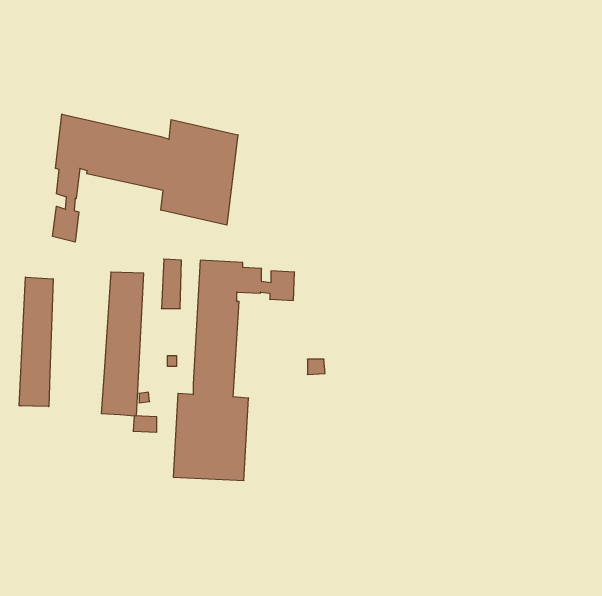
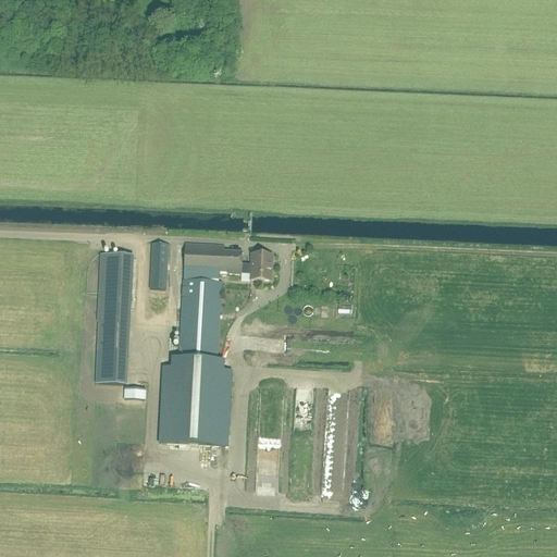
building: [53,114,238,242] -> none
building: [19,277,53,407] -> none

